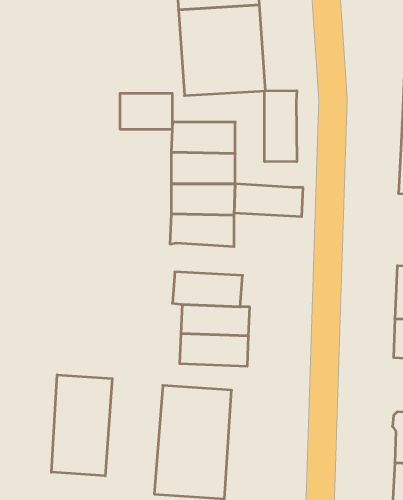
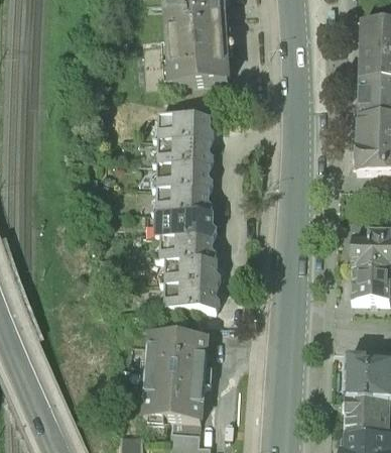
building: [265,91,297,162] -> none
building: [120,93,172,129] -> none
building: [234,184,303,217] -> [161,208,219,235]
building: [51,375,112,476] -> none

